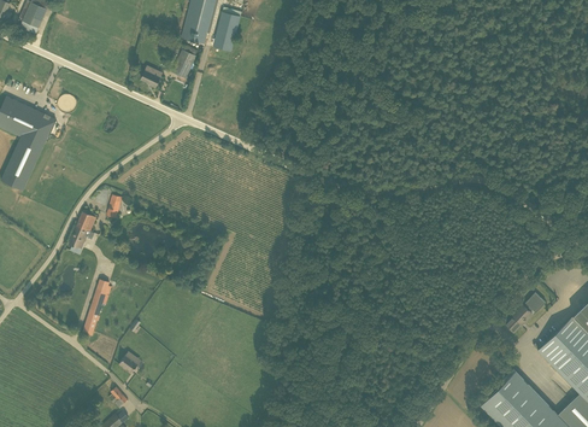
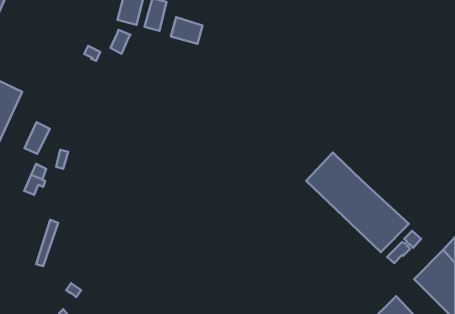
building: none -> [171,17,203,44]
building: none -> [24,122,50,154]
building: none -> [306,152,409,252]

